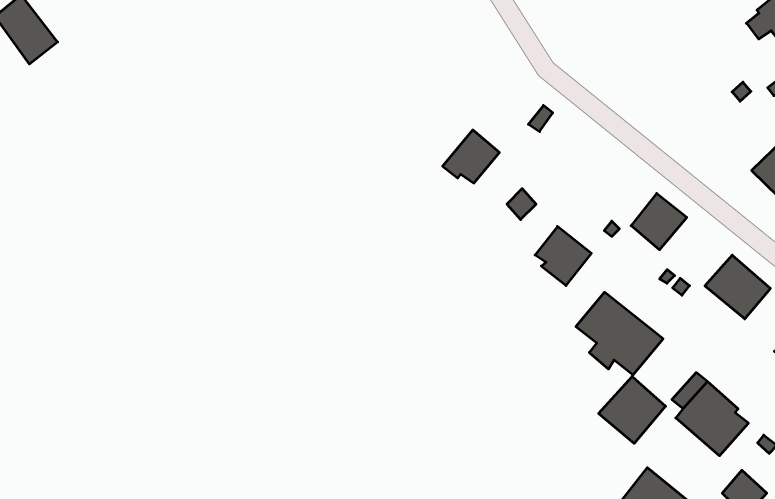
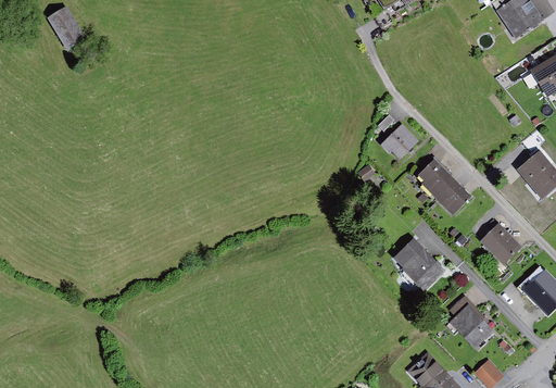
building: [443,130,499,183] -> [381,123,418,157]
building: [535,226,591,286] -> [418,159,454,197]
building: [599,376,666,443] -> none

